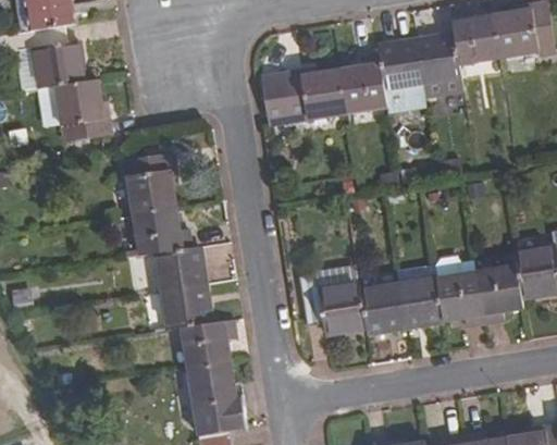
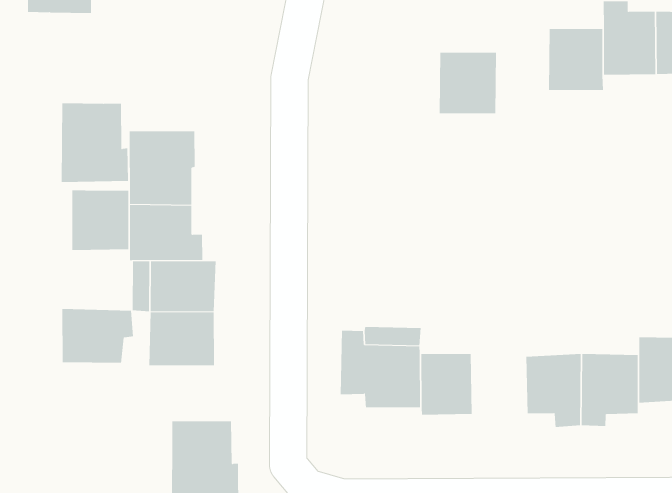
building: [375,39,424,112] -> none
building: [264,69,344,123] -> none
building: [51,78,109,143] -> [61,103,129,182]
building: none -> [72,189,129,251]
building: [395,276,442,326] -> none
building: [180,320,235,366] -> [61,308,134,363]

